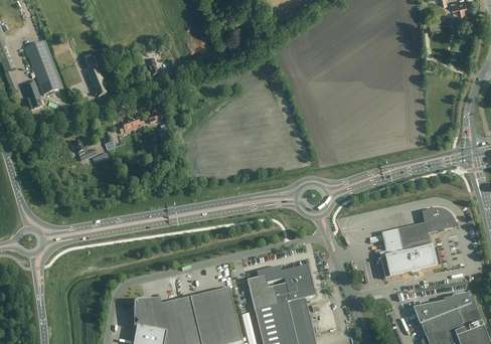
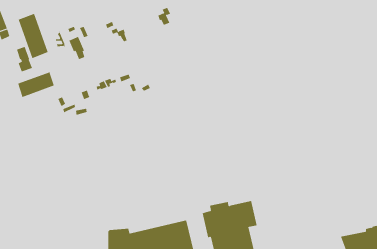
building: none -> [17,71,55,98]
building: [377,208,454,278] -> none

